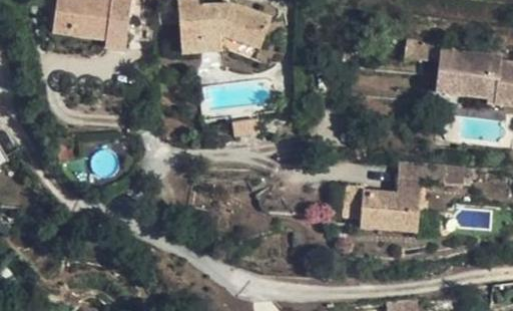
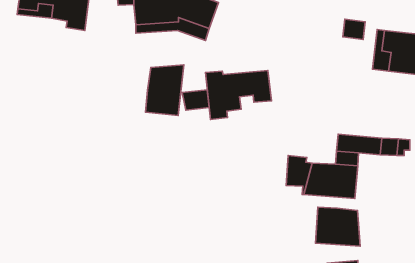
building: none -> [145,65,184,115]
building: none -> [205,70,272,120]
building: none -> [315,207,360,246]

